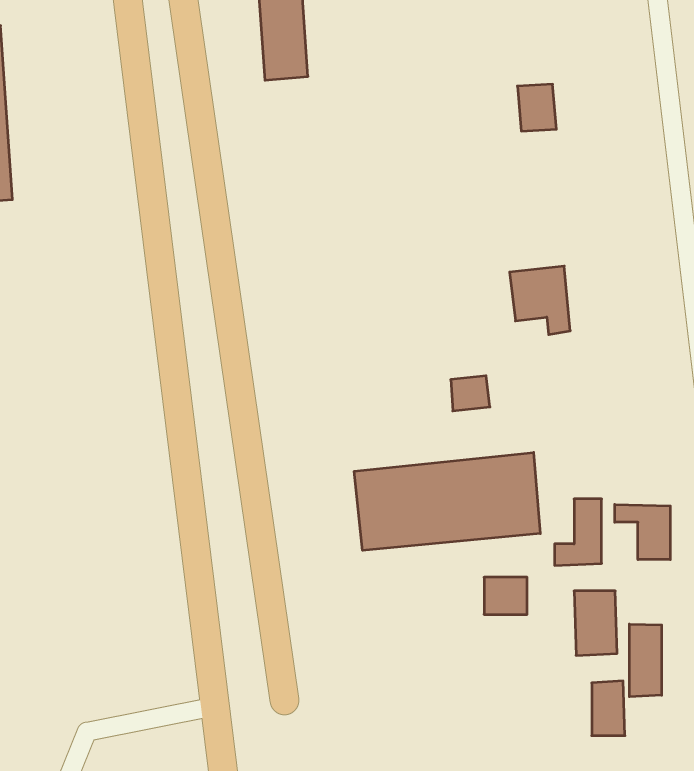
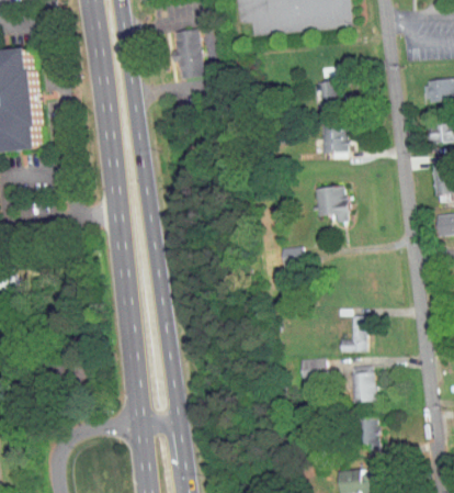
building: none -> [320,124,347,159]
building: [354,452,540,550] -> none
building: [615,504,670,560] -> none
building: [629,624,662,697] -> none

